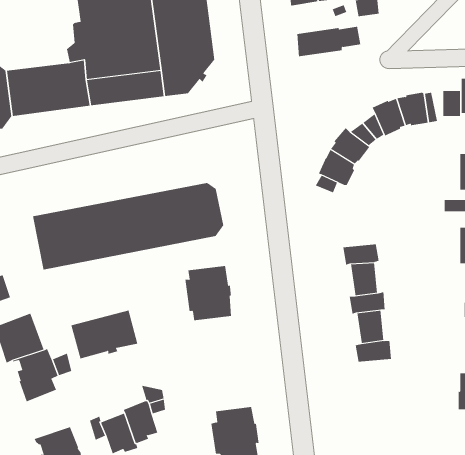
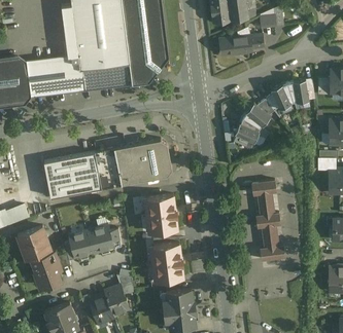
building: none -> [150,244,182,281]

